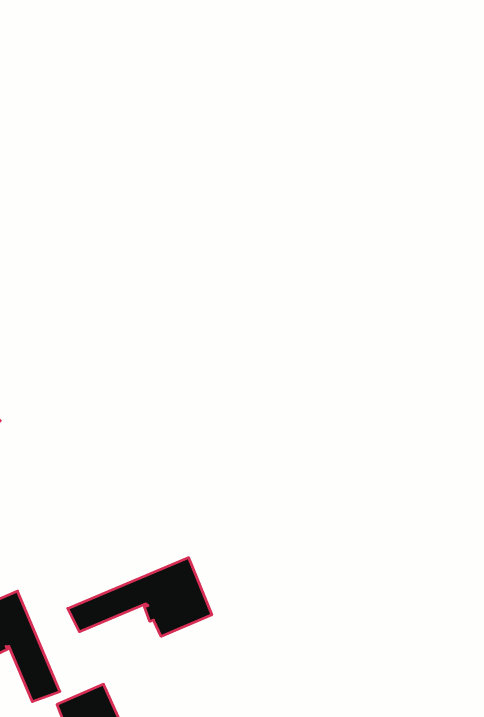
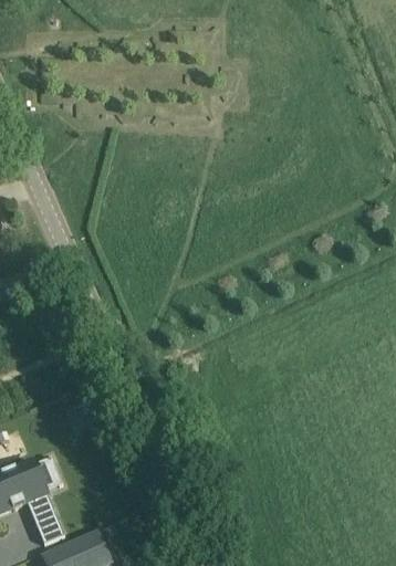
building: [68,558,212,636] -> none

